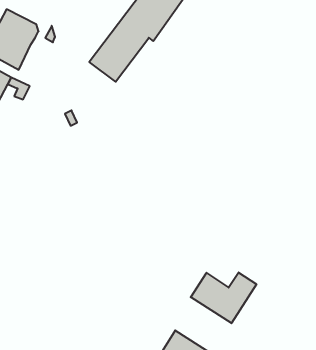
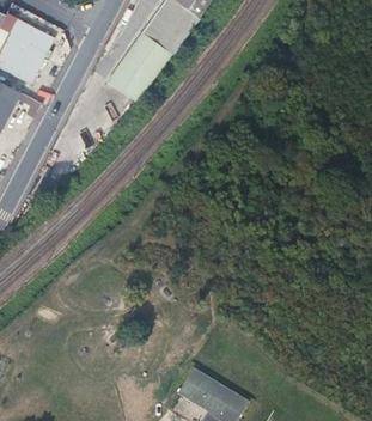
building: [191,272,256,323] -> none

